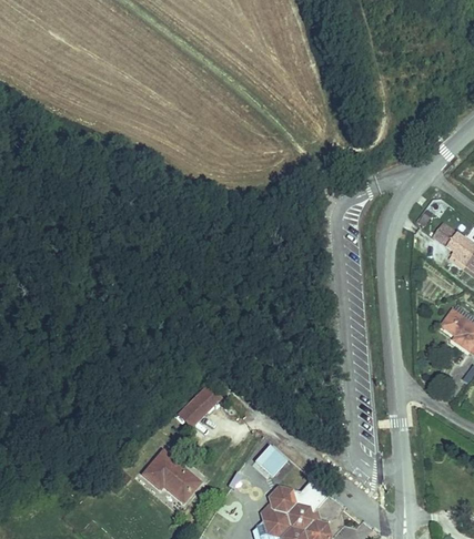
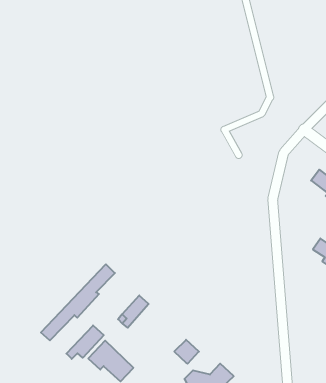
building: none -> [41,264,115,340]
building: none -> [66,325,104,359]

